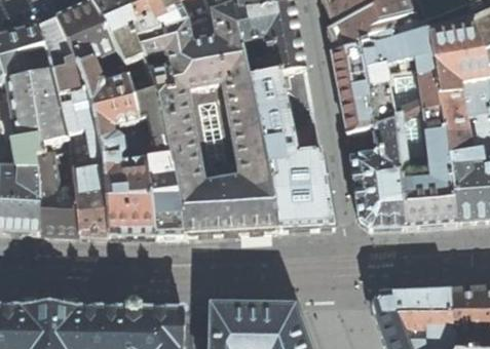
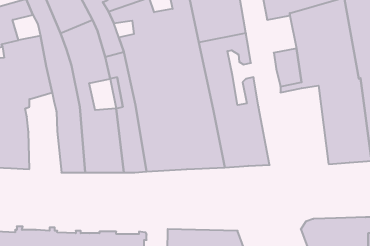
building: [331,44,367,89] -> none
building: [349,129,406,227] -> none
building: [36,148,80,235] -> none

